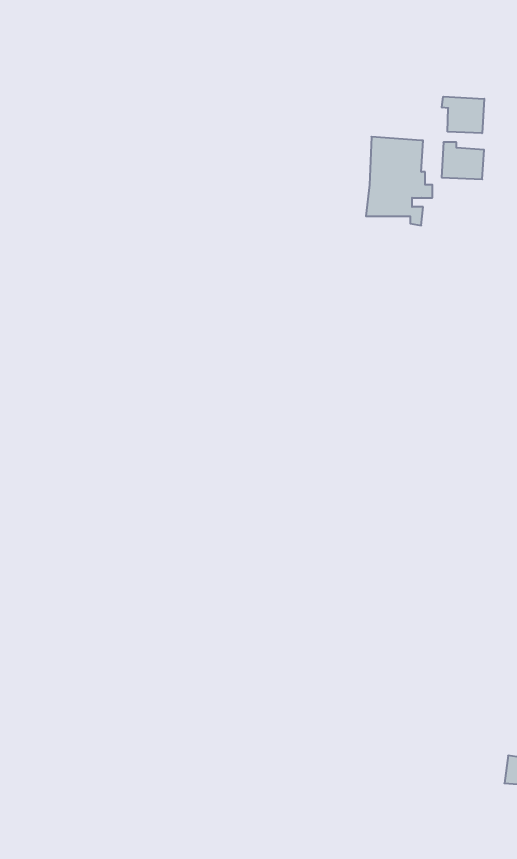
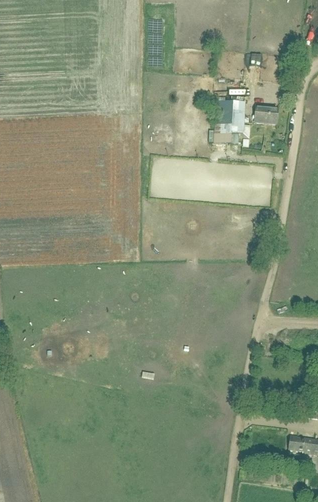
building: [442,97,484,133] -> none

